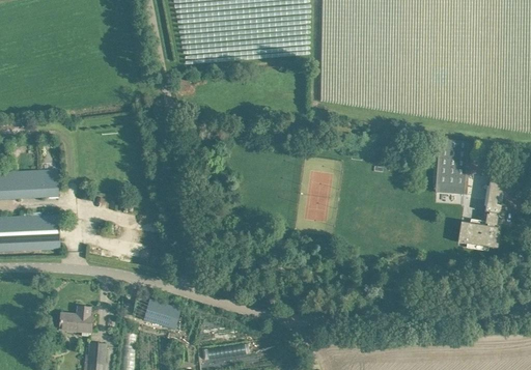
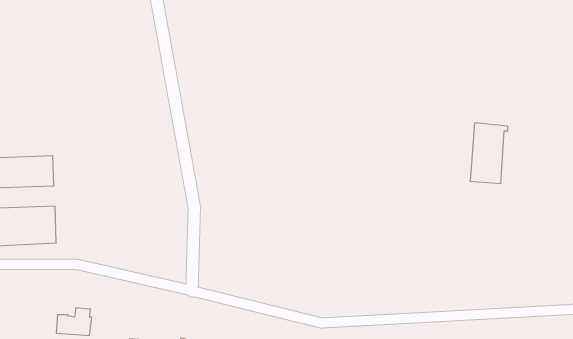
building: [456,178,504,248] -> none
building: [144,301,180,328] -> none

